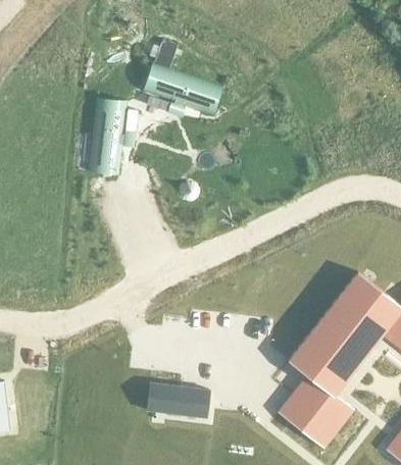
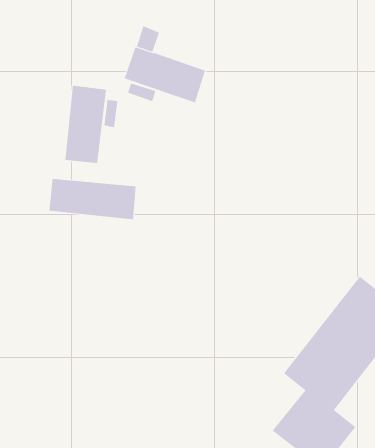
building: none -> [49,178,136,220]
building: [146,382,209,418] -> none

